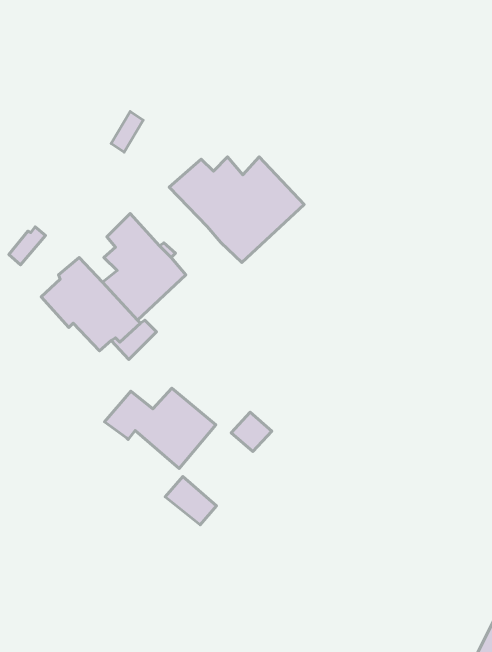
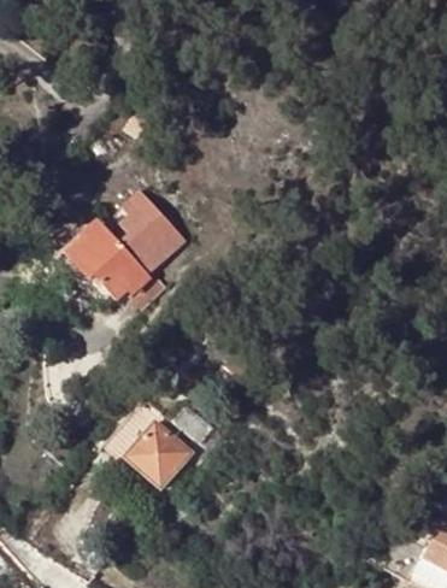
building: [169,157,304,262] -> none
building: [105,388,216,469] -> [99,422,190,488]

